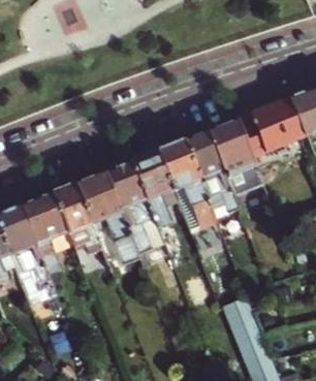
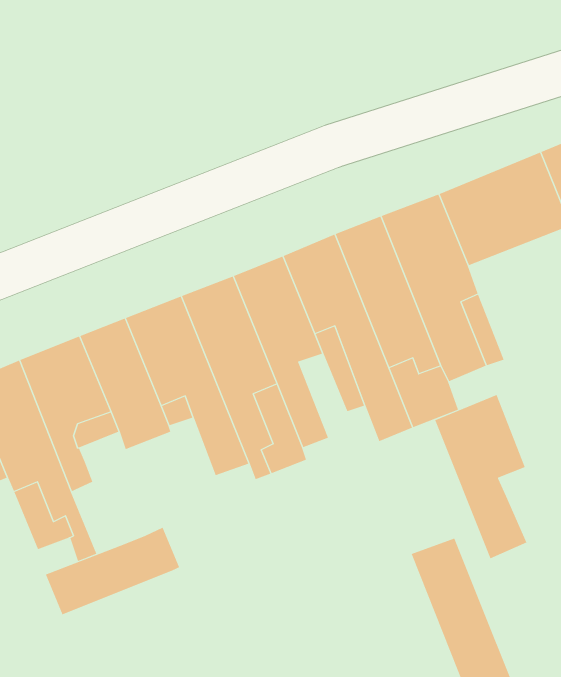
building: none -> [435,394,527,559]
building: none -> [45,527,180,615]

